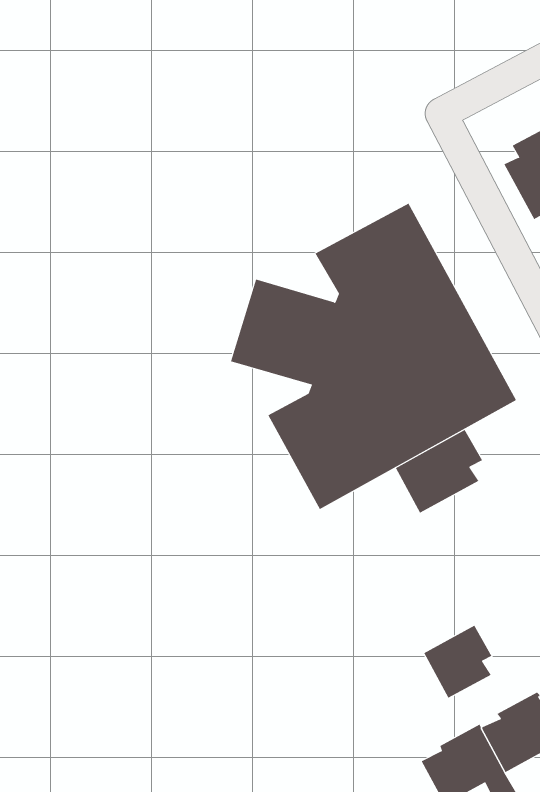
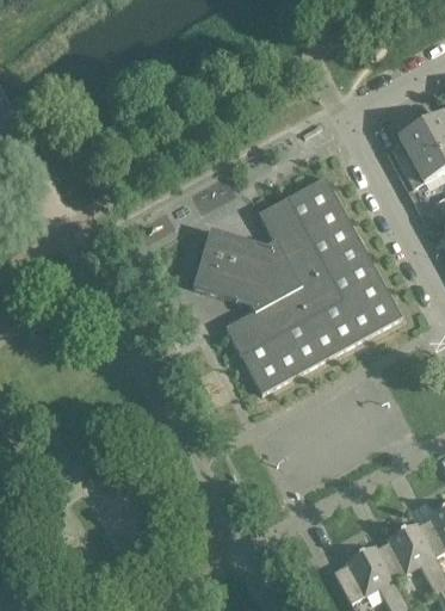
building: [395,429,483,514] -> none
building: [424,625,492,699] -> none

